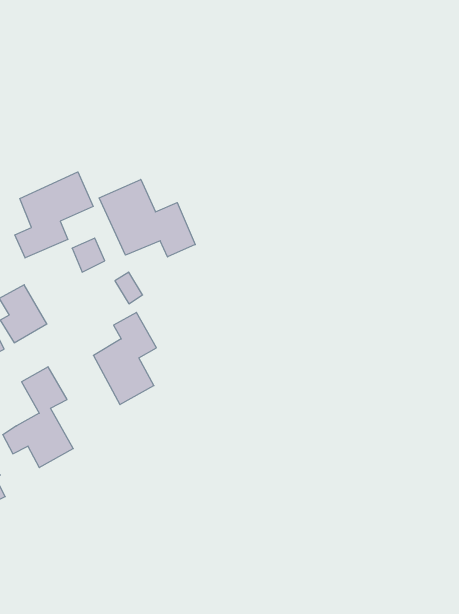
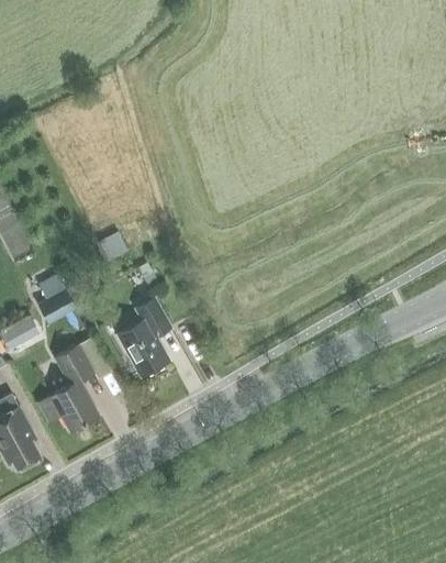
building: [15,172,93,258] -> none
building: [99,179,195,257] -> none

